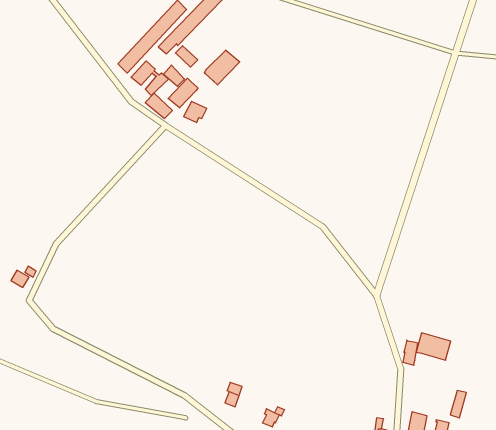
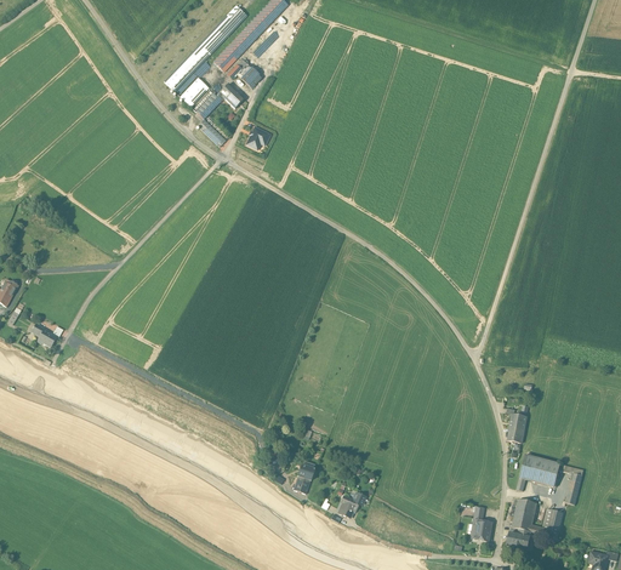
building: [205,50,240,85] -> none
building: [168,78,198,108] -> none
building: [416,333,451,360] -> [518,454,559,486]

